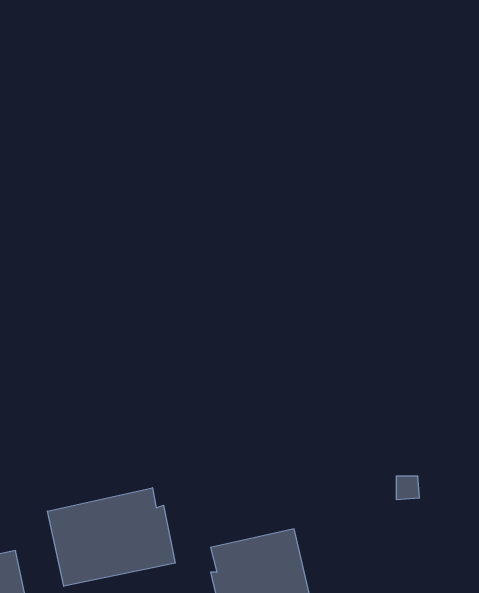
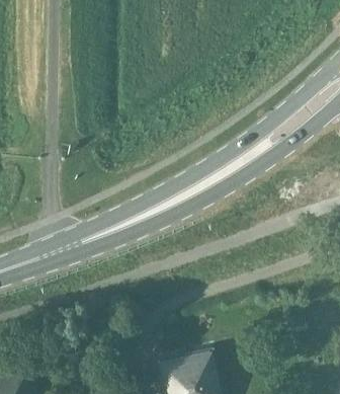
building: [48,488,175,586] -> none

